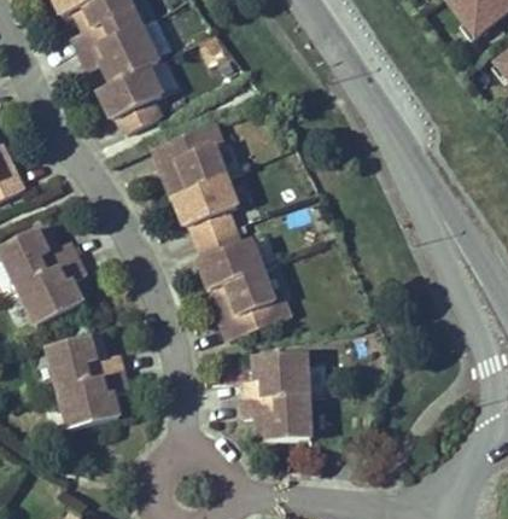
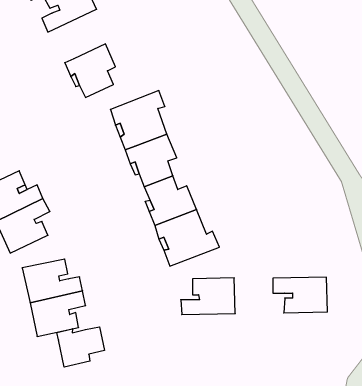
building: [81,27,158,87] -> none
building: [244,397,310,441] -> [273,277,327,313]
building: none -> [57,327,104,367]

